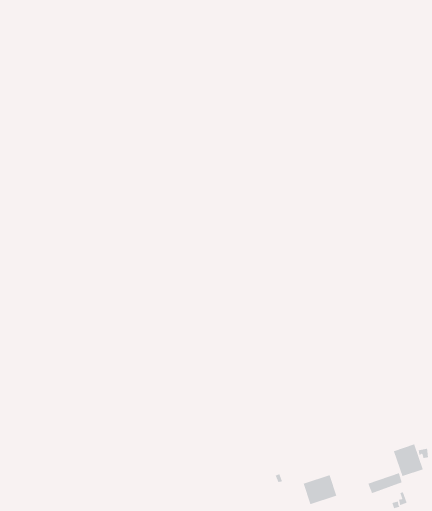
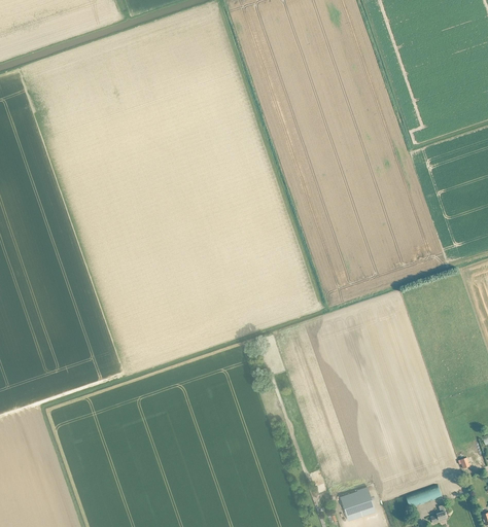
building: [393,444,423,477] -> none

